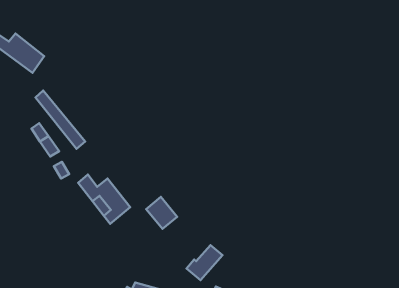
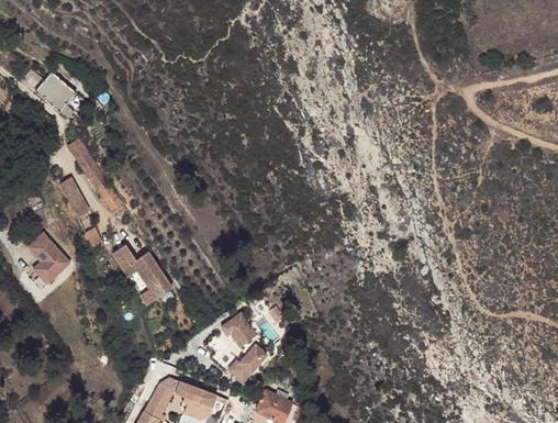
building: none -> [30,229,77,283]
building: [146,197,177,229] -> [225,309,261,347]

